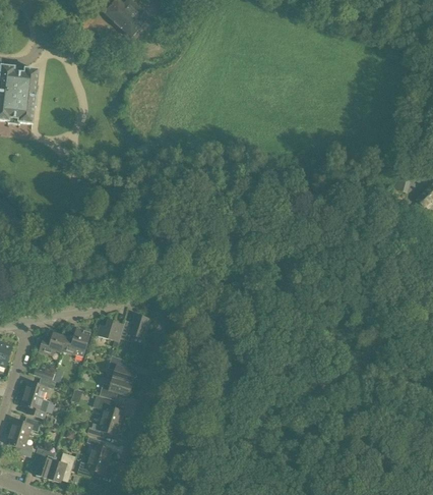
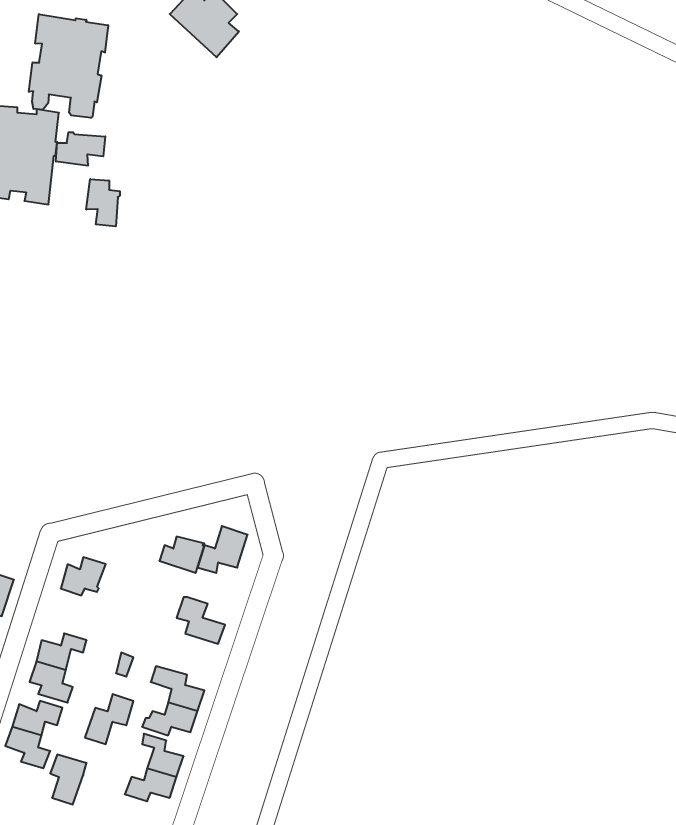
building: none -> [29,14,108,118]
building: none -> [56,132,105,166]
building: none -> [86,179,120,226]
building: [60,328,89,356] -> none
building: [99,377,131,399] -> none
building: [46,452,74,482] -> [85,694,133,744]

